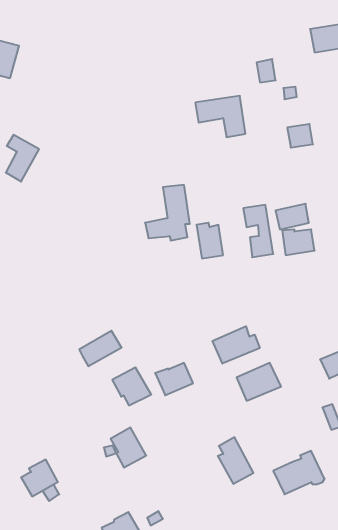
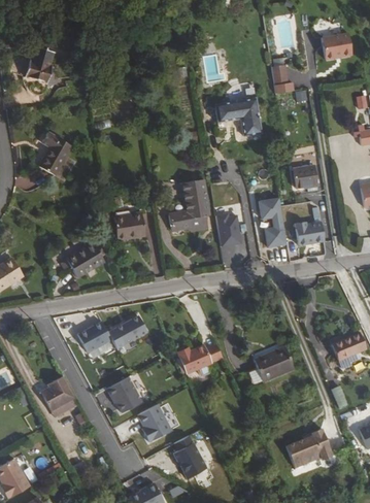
building: [287,124,313,148] -> [293,165,316,187]
building: none -> [113,213,144,240]
building: none -> [66,244,102,278]
building: [213,326,260,364] -> none
building: none -> [76,320,110,351]
building: [112,368,151,405] -> [105,376,141,411]
building: [218,437,253,484] -> [172,435,205,478]
building: [21,460,58,496] -> [39,375,73,409]

